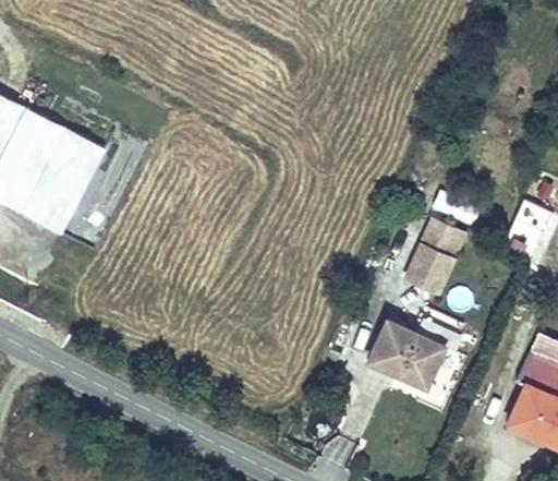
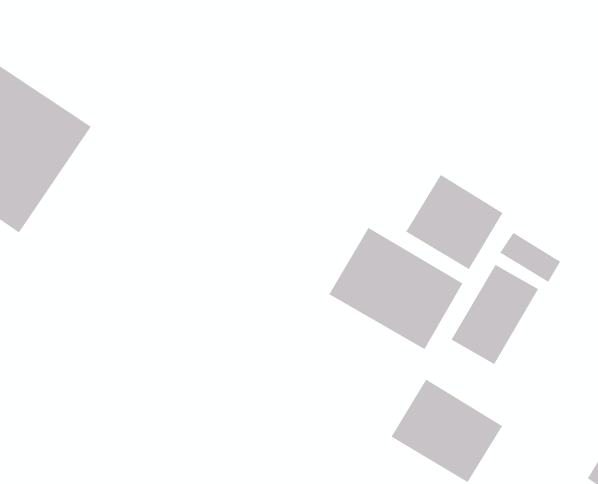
building: none -> [405,174,503,270]
building: none -> [328,227,463,350]

